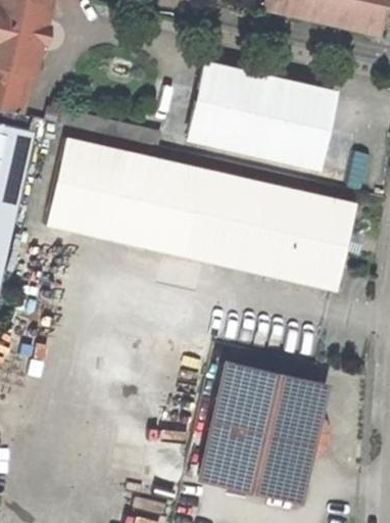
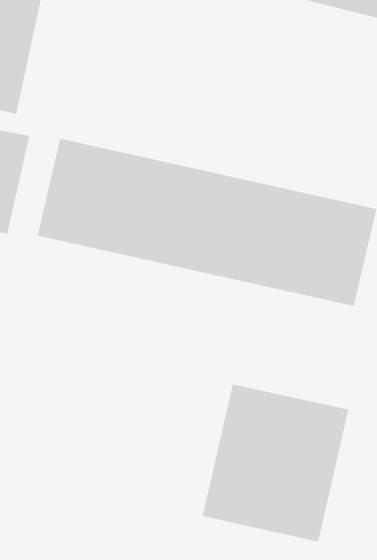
building: [187,63,337,171] -> none

